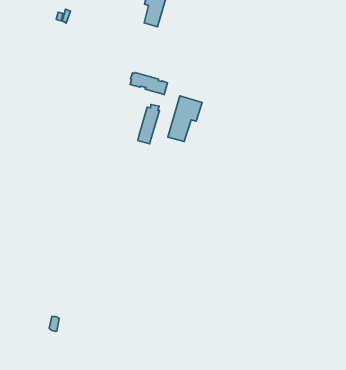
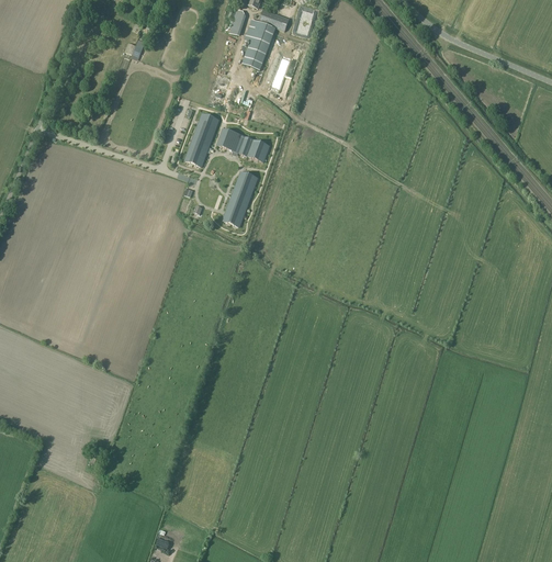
building: none -> [185,113,218,165]
building: [168,96,202,142] -> none

